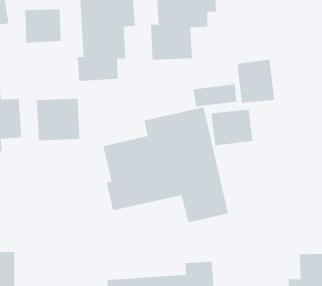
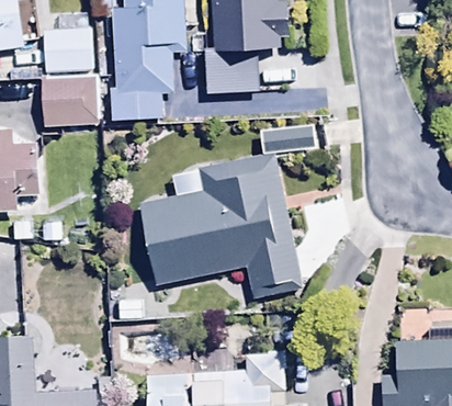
building: [237,59,275,104] -> none
building: [36,98,80,141] -> [42,71,99,126]
building: [211,109,253,146] -> none

